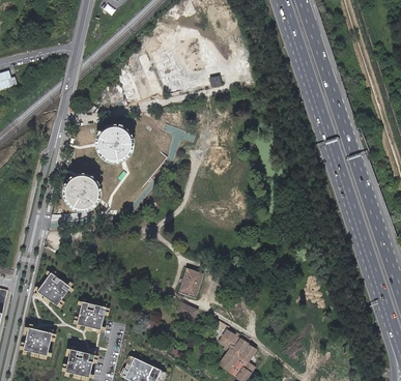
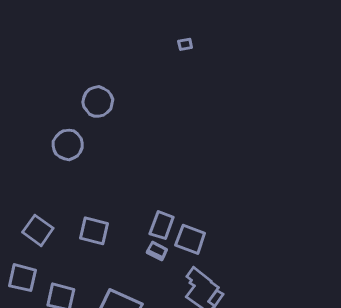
building: none -> [176,225,204,254]
building: [75,301,105,330] -> [81,218,108,244]

